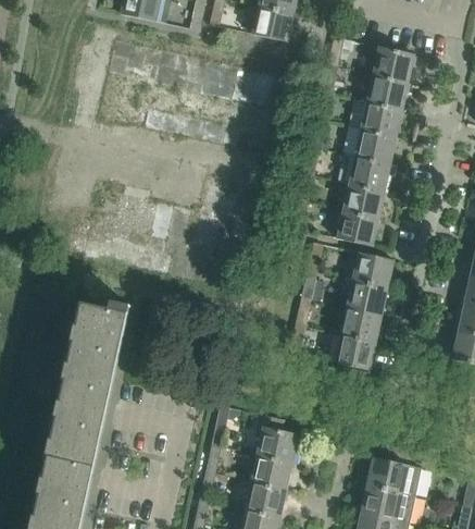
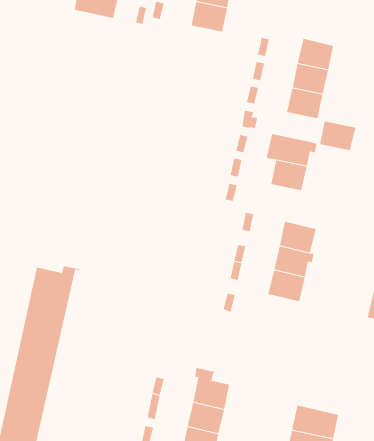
building: [355,130,397,163] -> [319,121,356,151]
building: [337,210,378,246] -> none
building: [335,333,376,369] -> none

